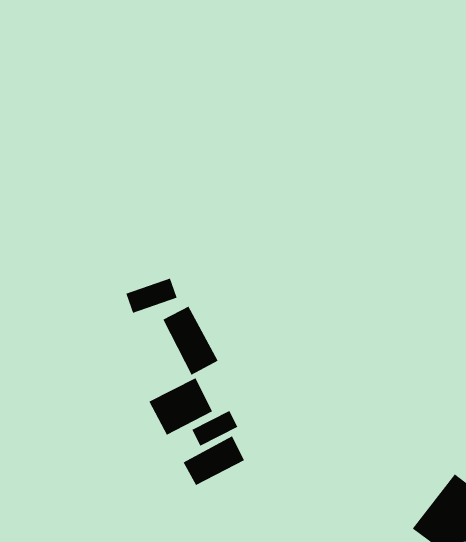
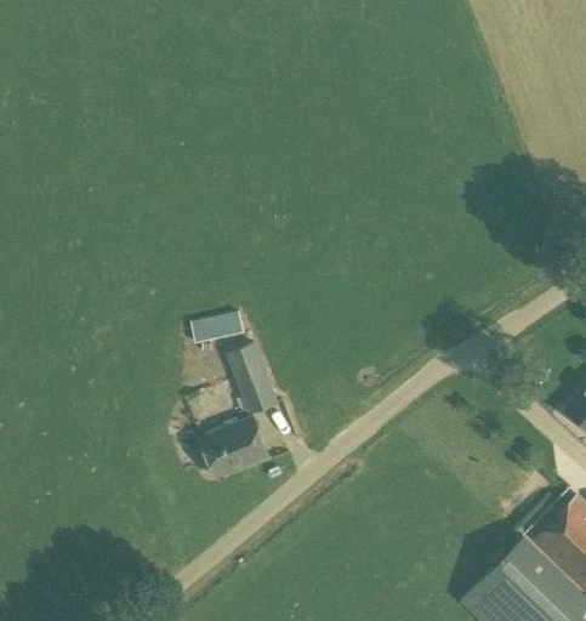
building: [192,410,238,446] -> none
building: [183,435,245,486] -> none

